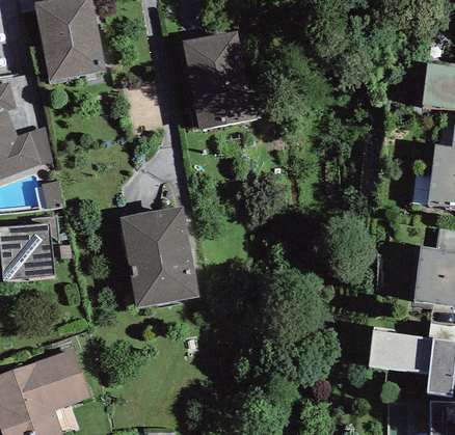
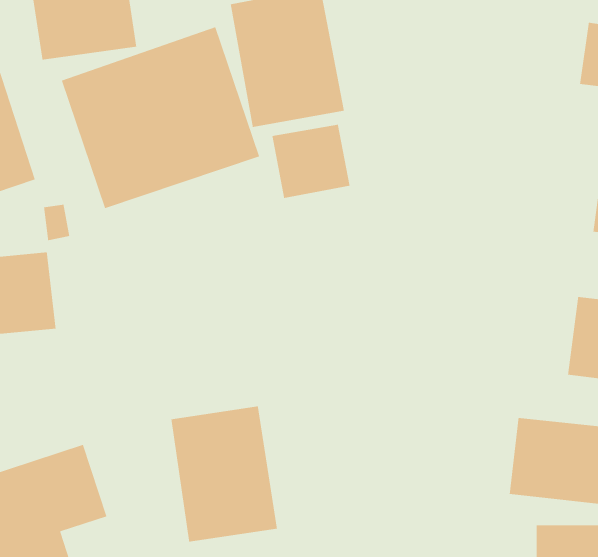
building: none -> [61,26,260,209]
building: none -> [271,124,350,199]
building: [124,211,198,306] -> [170,405,278,543]

